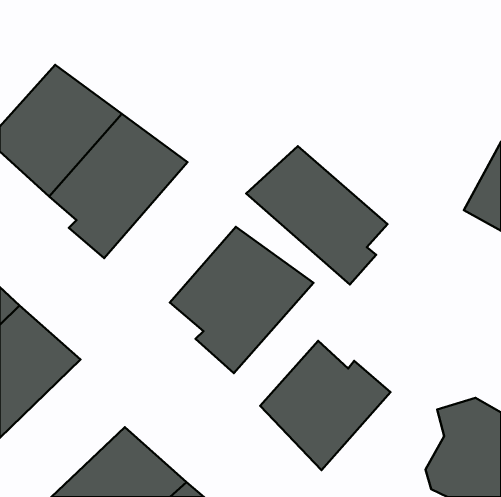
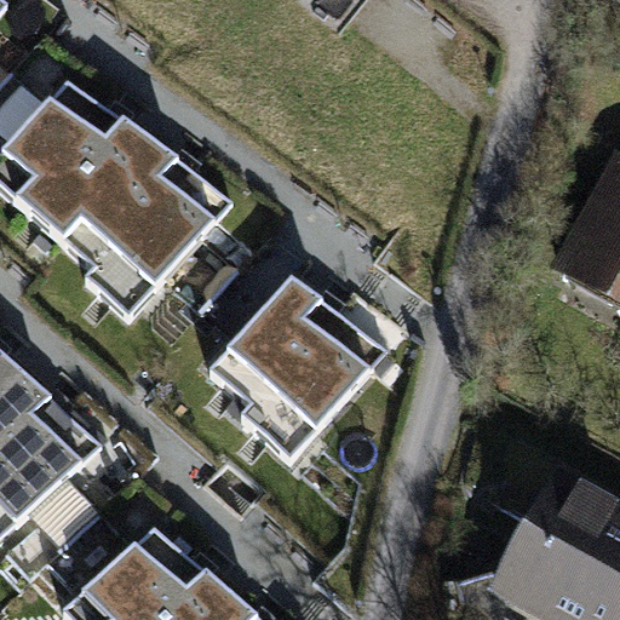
building: [246,146,387,285] -> none
building: [260,341,390,470] -> none

